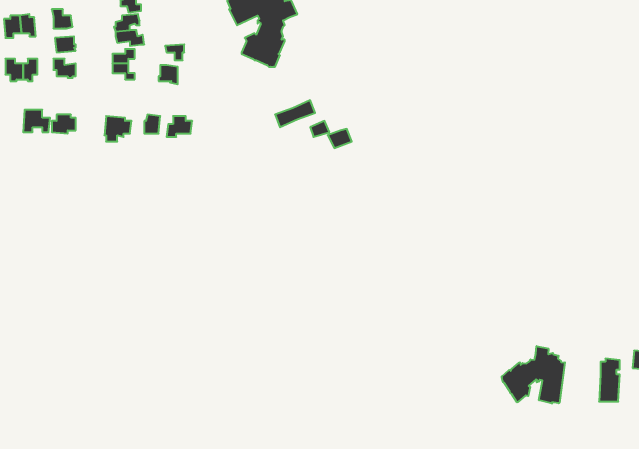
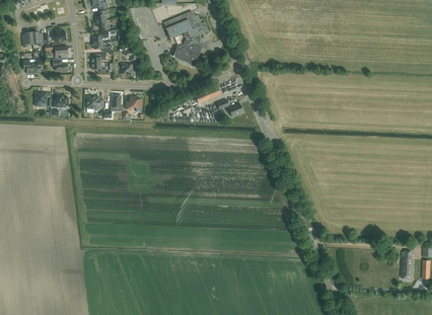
building: [502,346,565,404] -> none

